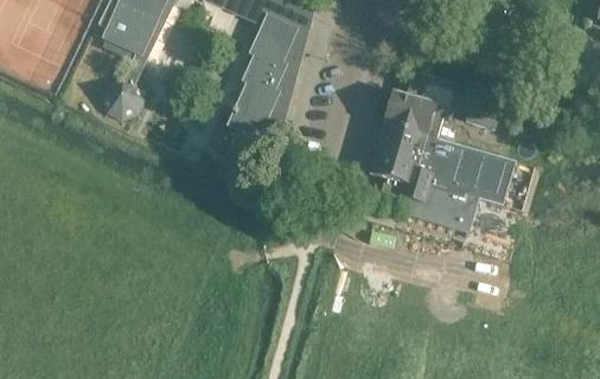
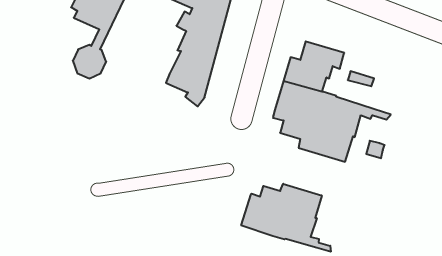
building: none -> [241,184,331,252]

